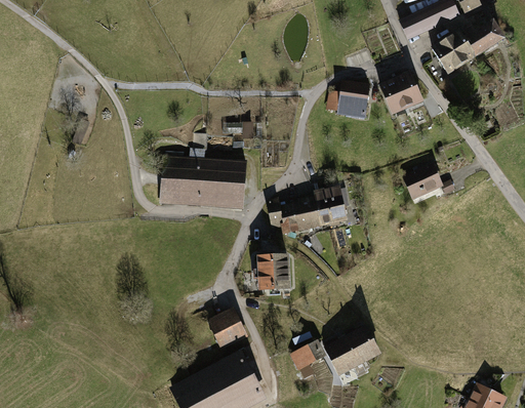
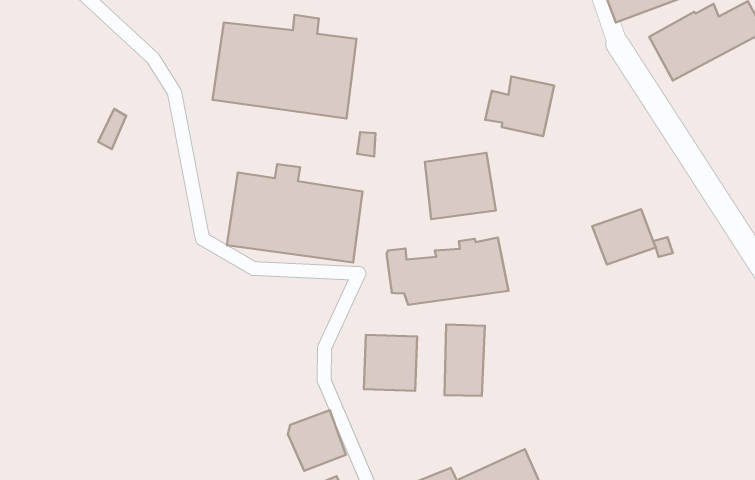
building: none -> [213,15,357,118]
building: [377,71,423,115] -> none
building: none -> [425,153,496,219]
building: none -> [445,324,485,396]

